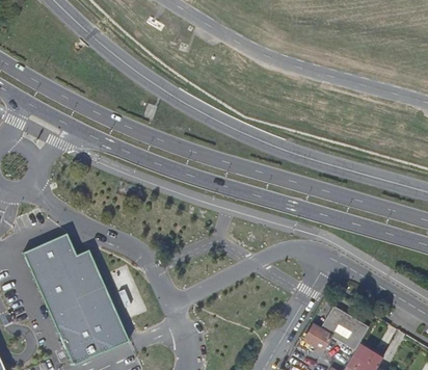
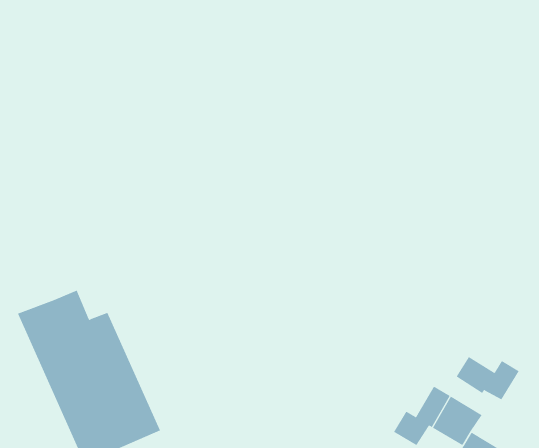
building: none -> [456,356,520,400]

